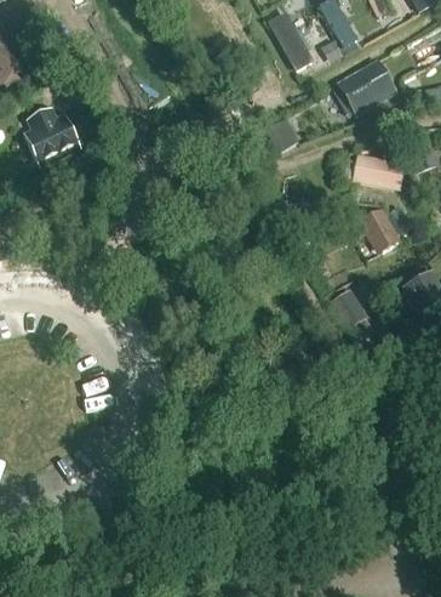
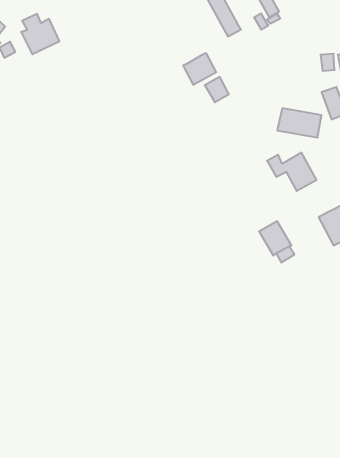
building: [337,58,396,115] -> none
building: none -> [183,53,216,85]
building: [30,110,76,159] -> [21,14,59,54]

